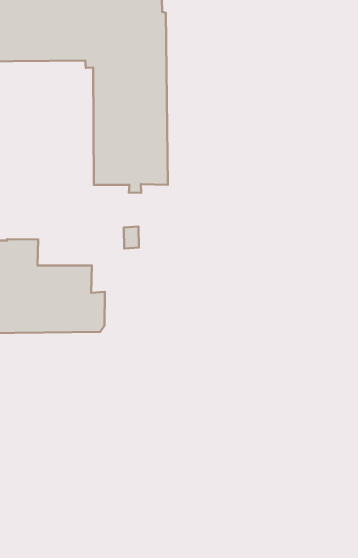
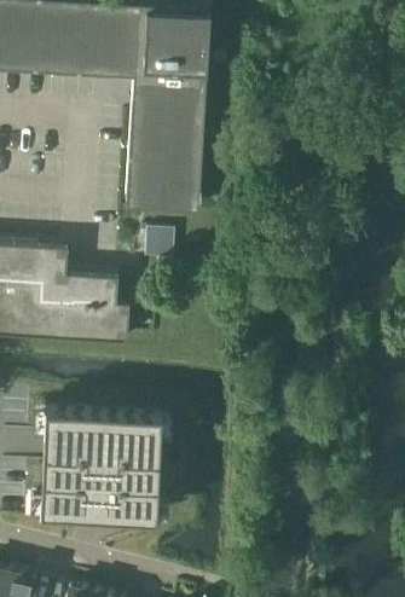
building: none -> [40,408,162,518]

